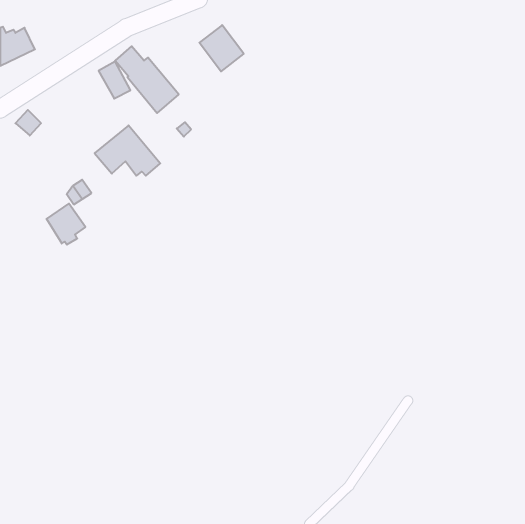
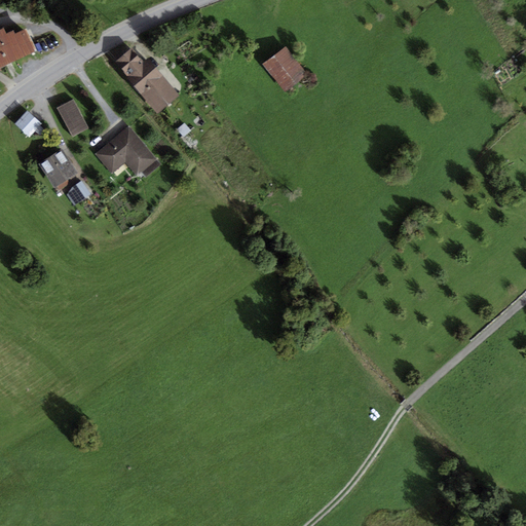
building: [199,25,244,71] -> [263,45,307,91]
building: [99,62,130,99] -> [58,99,89,136]
building: [46,204,85,245] -> [39,148,78,189]

